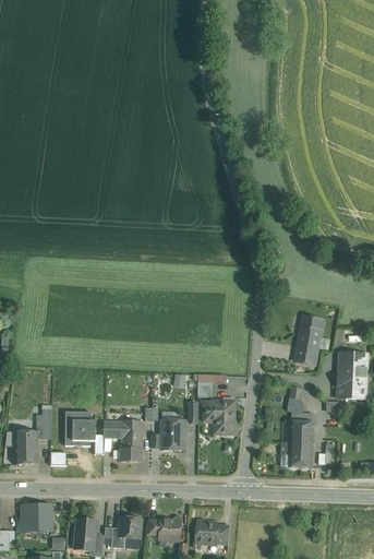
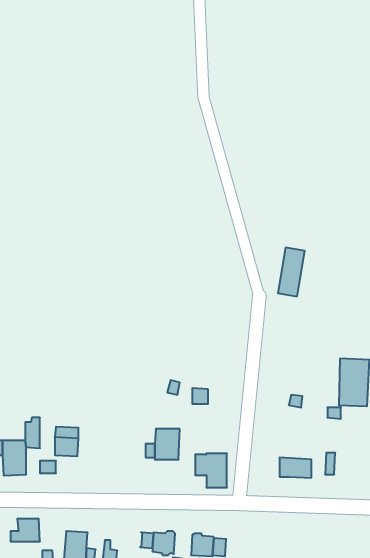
building: [295,316,322,362] -> [278,248,305,296]
building: [204,400,234,432] -> [195,453,227,488]
building: [281,411,314,449] -> none
building: [111,419,142,461] -> none
building: [119,515,142,537] -> none

